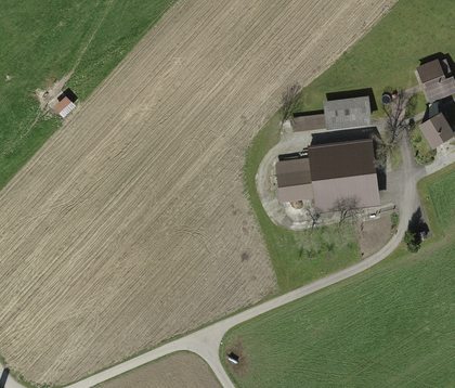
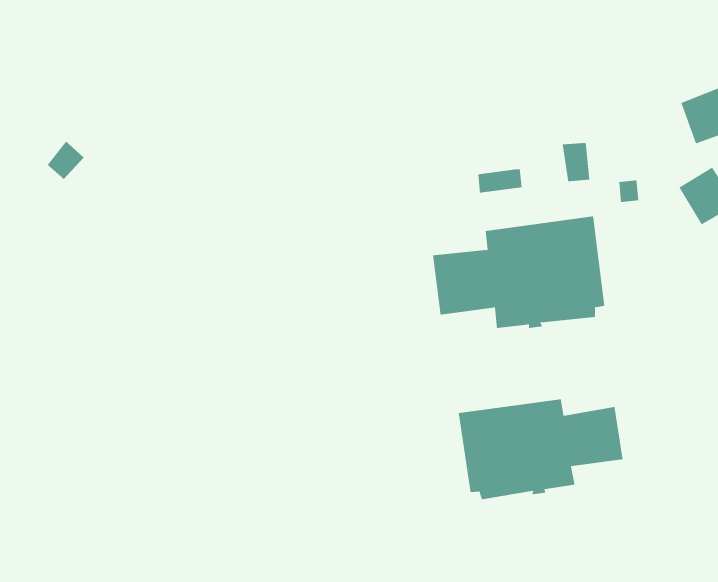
building: [324,100,354,125] -> none
building: none -> [458,398,623,500]

